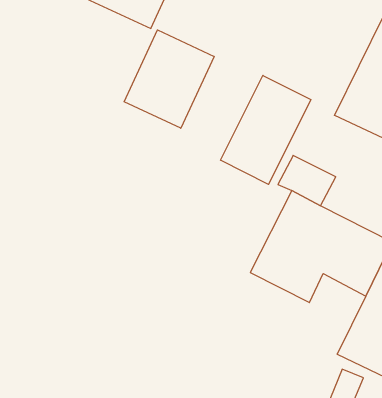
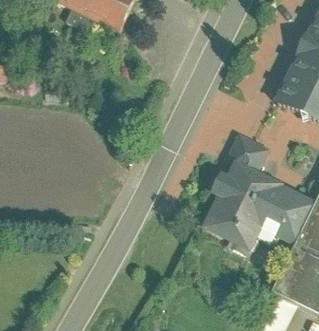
building: [124,30,214,128] -> none
building: [221,75,311,184] -> none

